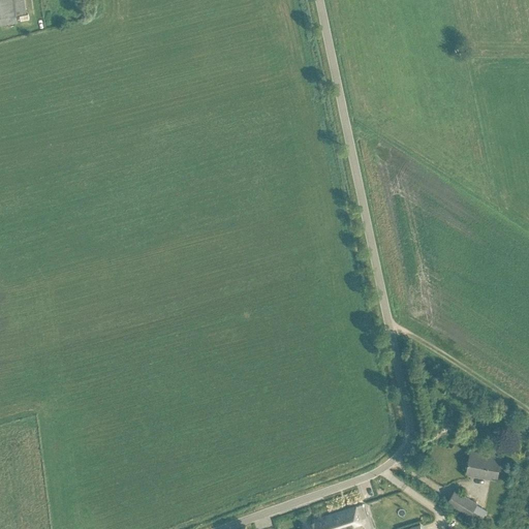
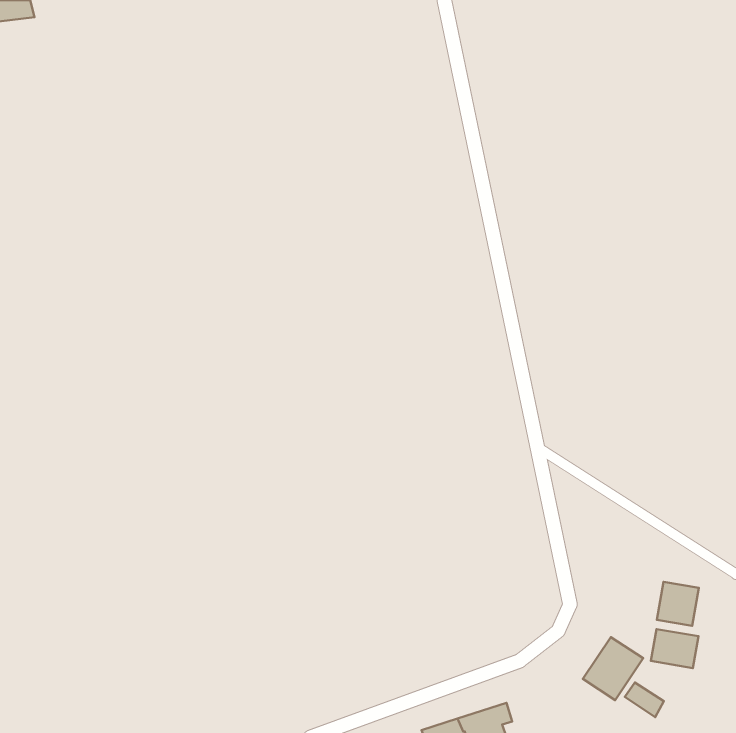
building: none -> [657,582,699,626]
building: none -> [583,637,643,700]

